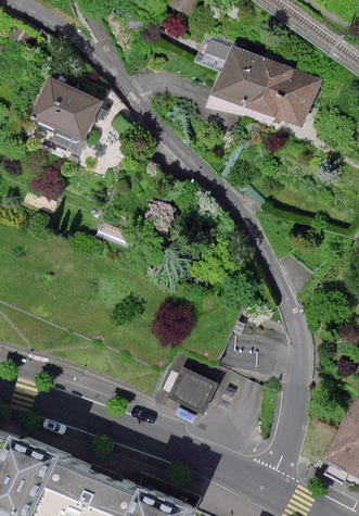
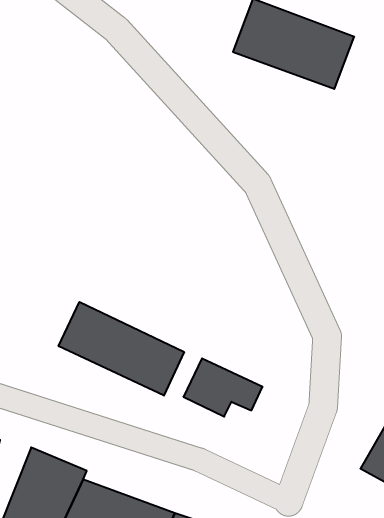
building: [37,79,107,142] -> none
building: none -> [59,302,184,396]

